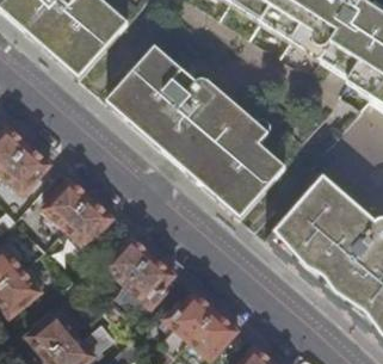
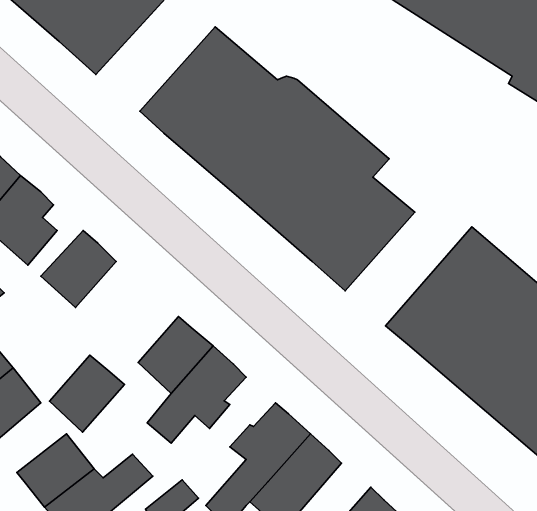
building: [64,198,113,248] -> [49,355,125,432]

